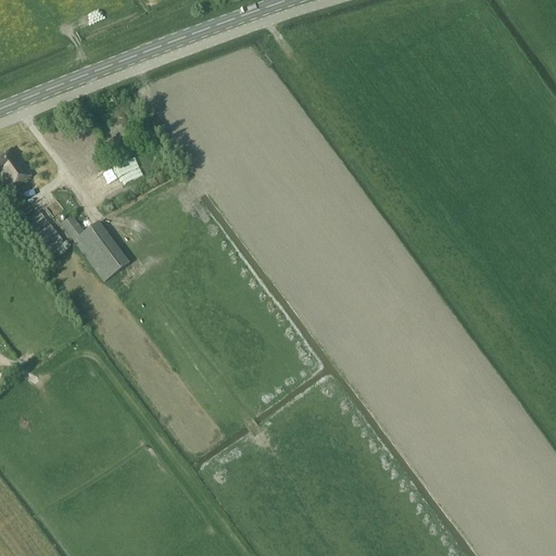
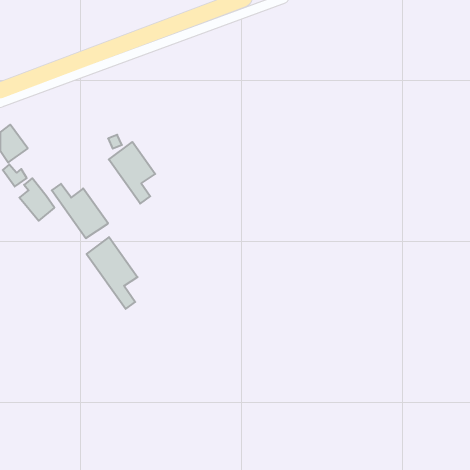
building: none -> [109,142,155,204]
building: none -> [87,237,138,309]

